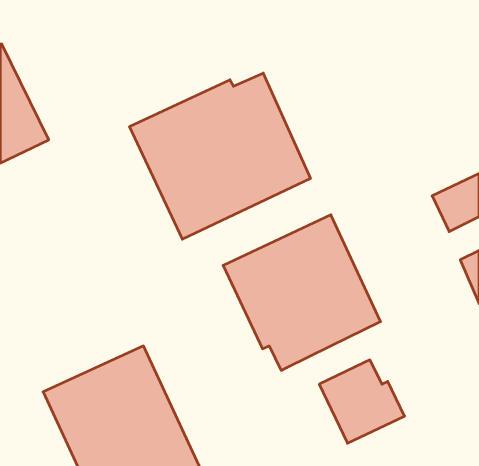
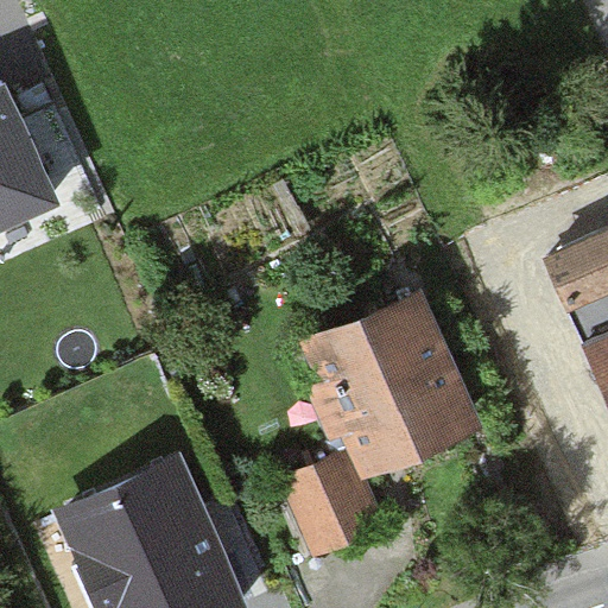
building: [130,73,310,239] -> none
building: [319,360,405,443] -> [277,455,385,560]

